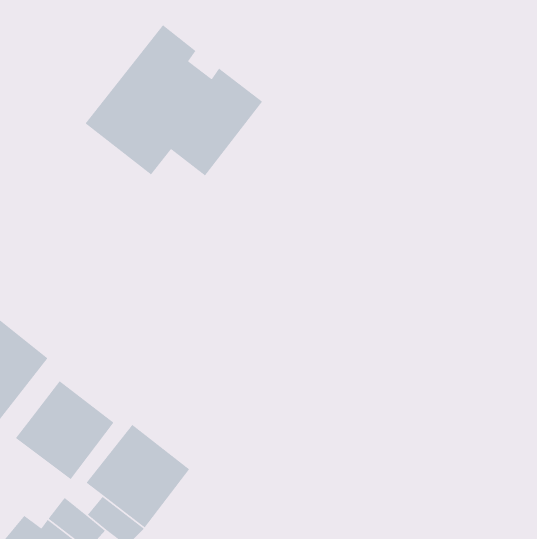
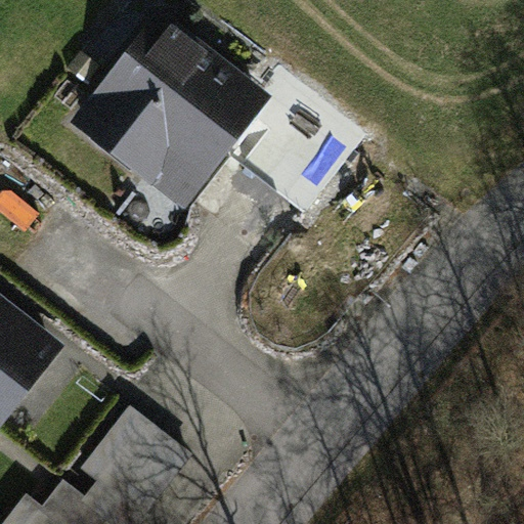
building: [15,380,115,480] -> none

